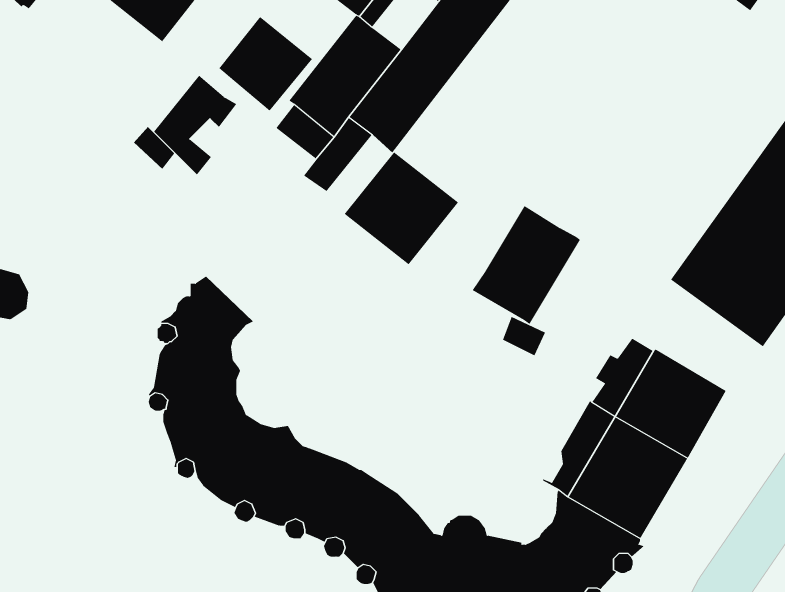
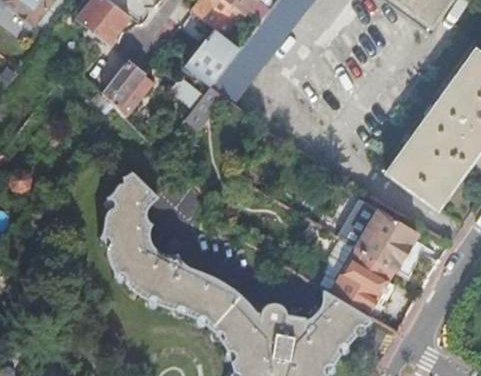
building: [218,16,313,112] -> none
building: [344,151,459,265] -> none
building: [472,205,581,325] -> none

